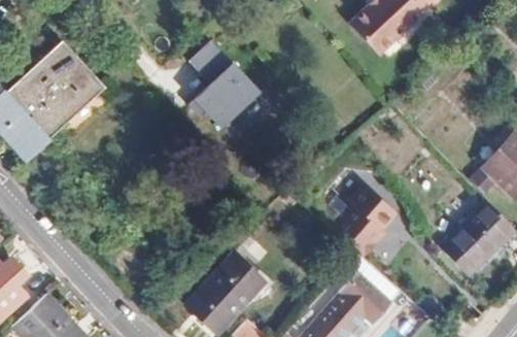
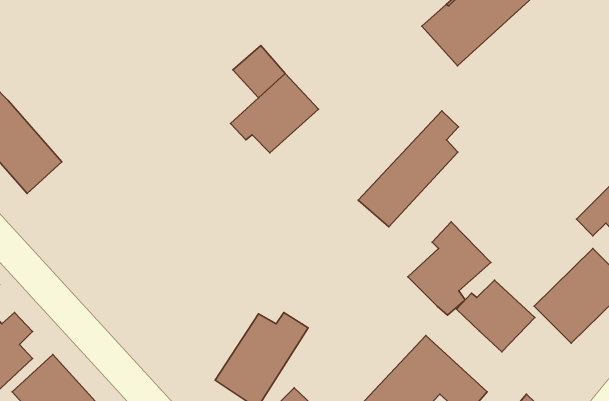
building: [12,40,107,135] -> none
building: none -> [358,111,459,227]
building: none -> [456,280,535,352]

